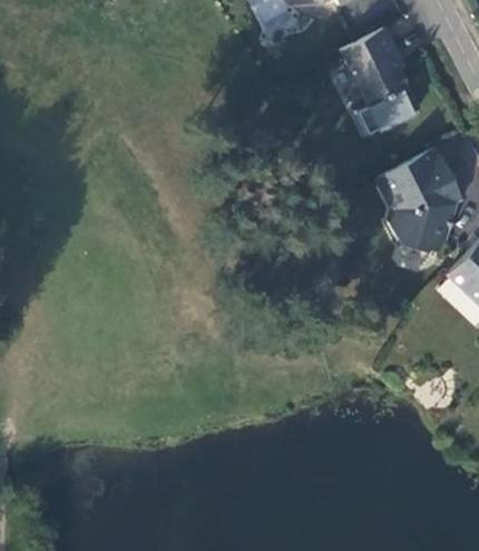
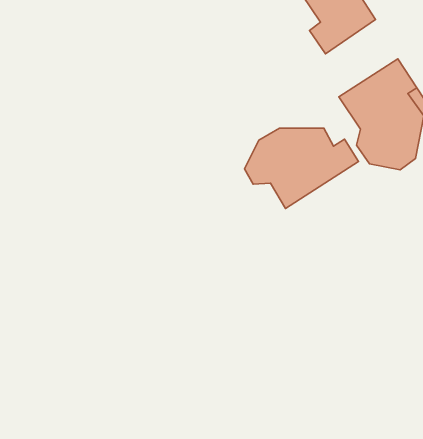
building: none -> [244,128,359,208]

